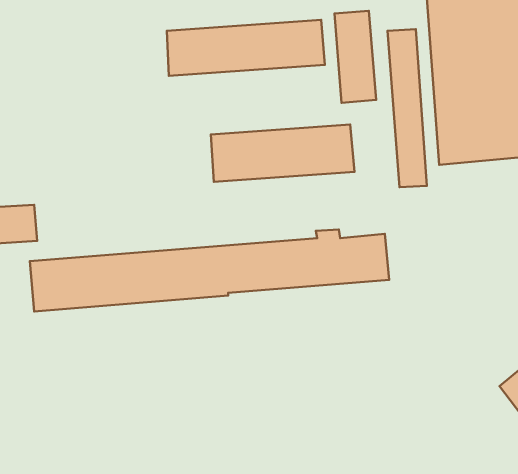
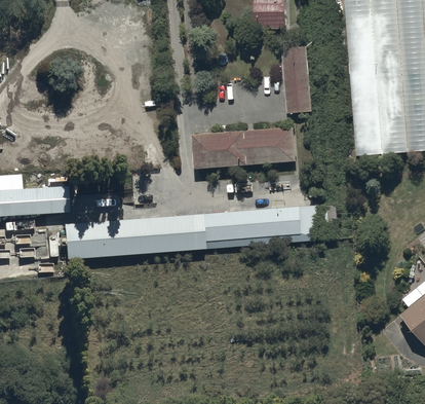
building: [167,20,325,76] -> none
building: [387,29,427,187] -> none

